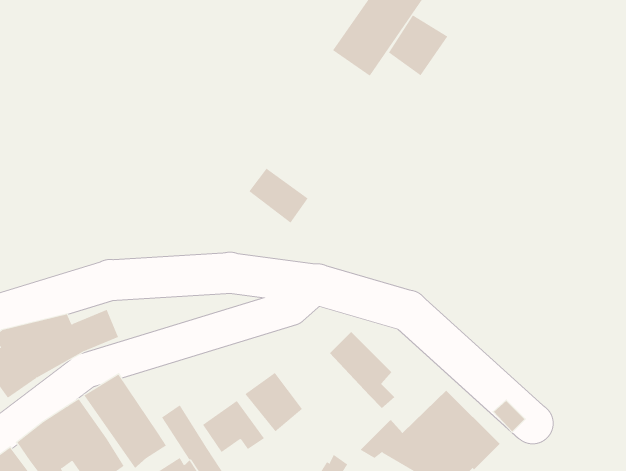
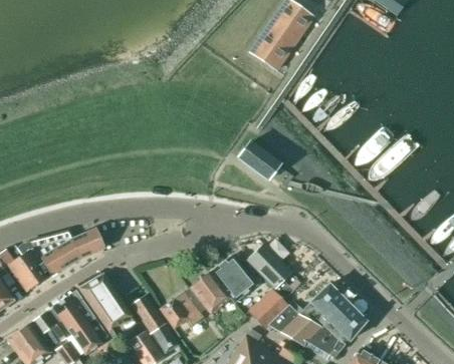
building: [388,14,448,76] -> none
building: [249,168,308,223] -> [239,141,280,179]
building: none -> [211,256,257,303]
building: none -> [249,290,288,329]

